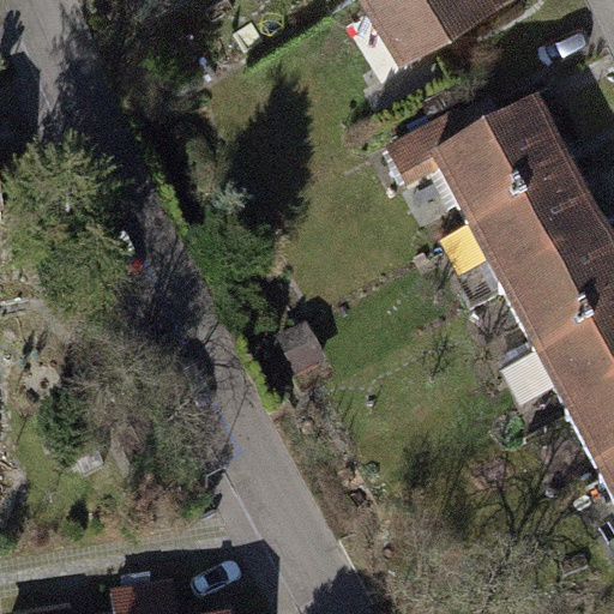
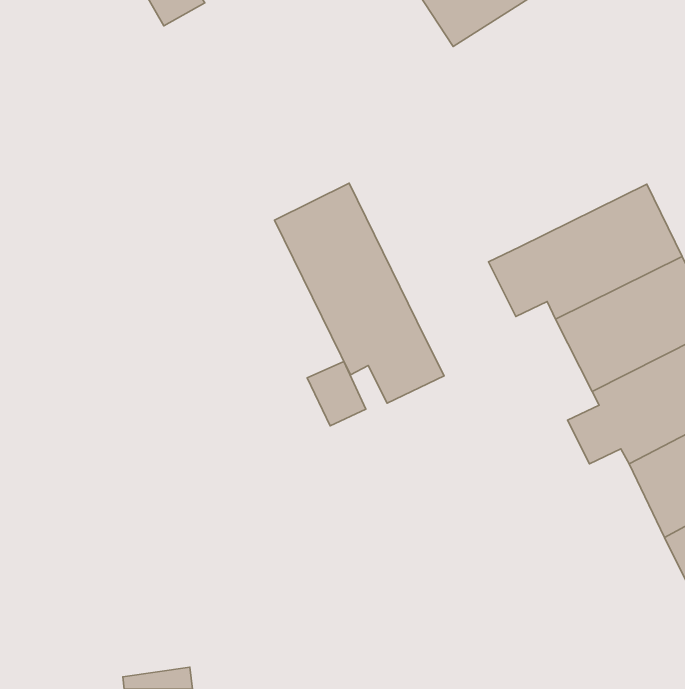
building: [393,97,579,217] -> none
building: none -> [275,183,444,403]

